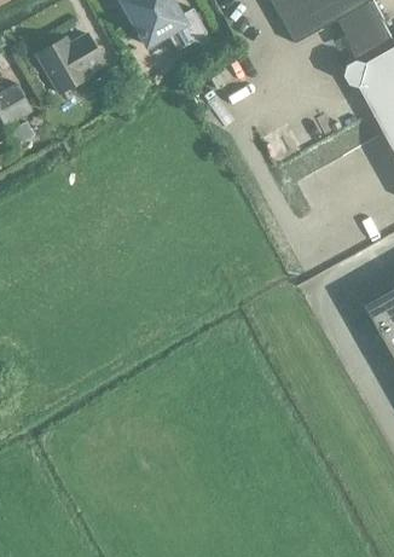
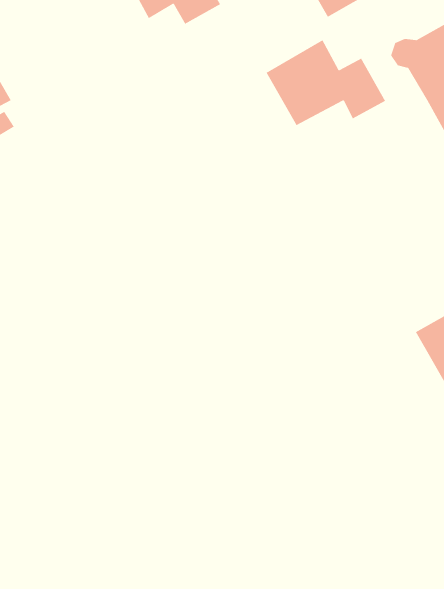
building: [36,34,103,93] -> none
building: none -> [265,39,386,126]

